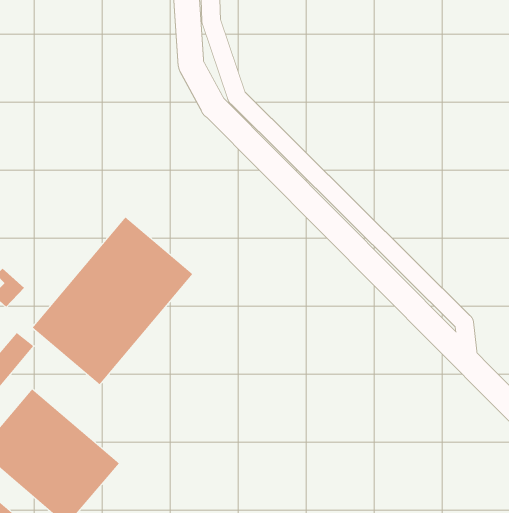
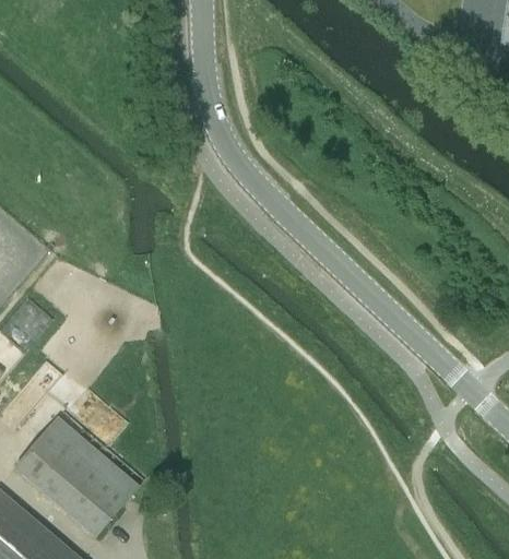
building: [32,217,193,385] -> none

